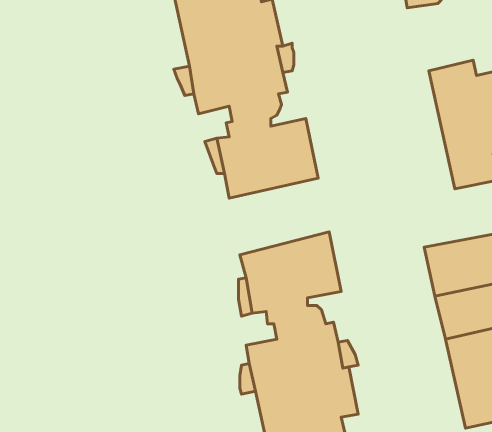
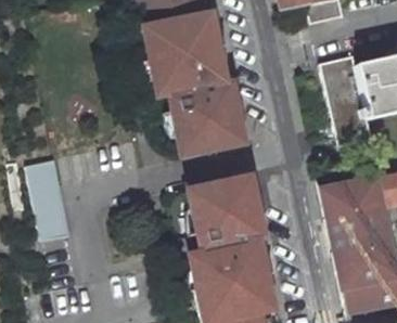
building: none -> [29,159,66,240]

